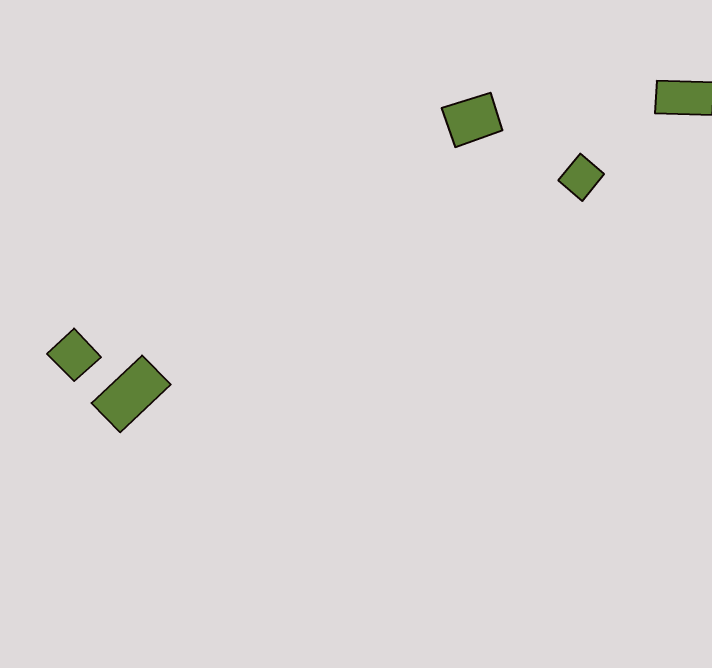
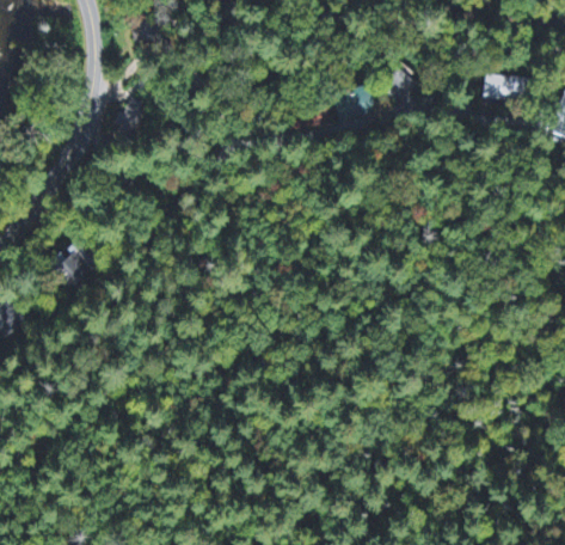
building: [558,154,604,201] -> [382,66,414,99]
building: [91,355,171,432] -> none

